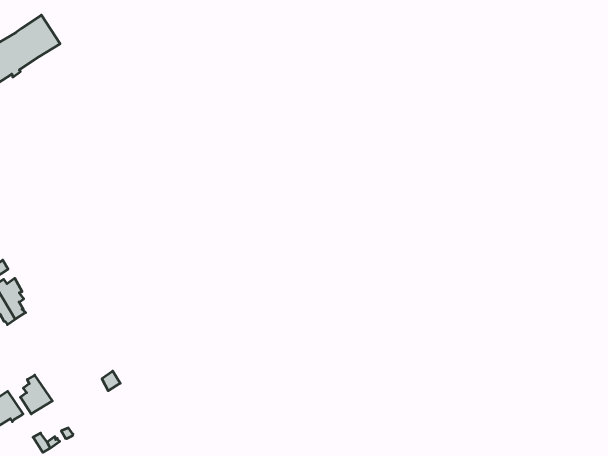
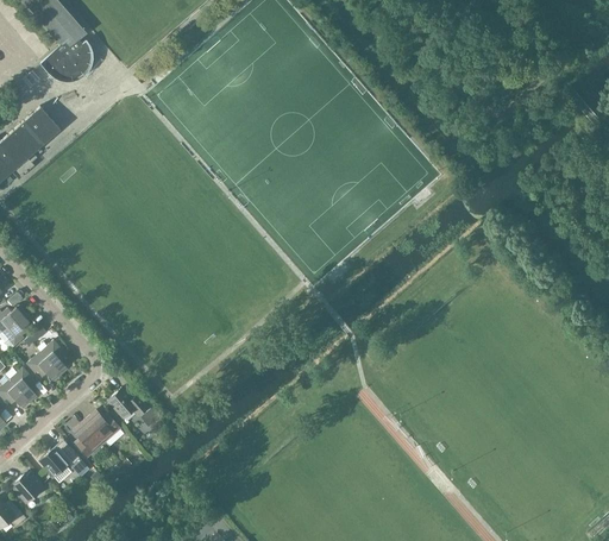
building: none -> [106,389,147,420]
building: none -> [83,416,124,447]

